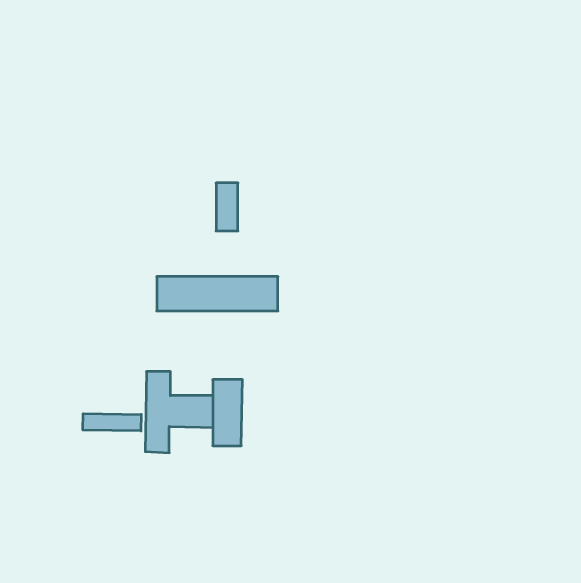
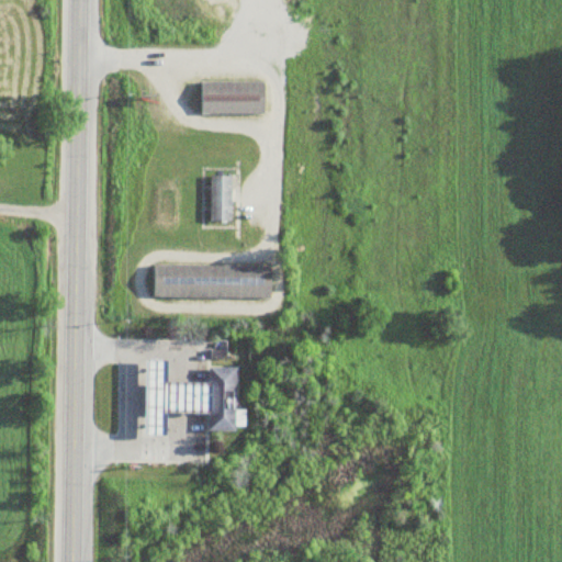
building: none -> [202,81,265,114]
building: [83,414,141,431] -> none

